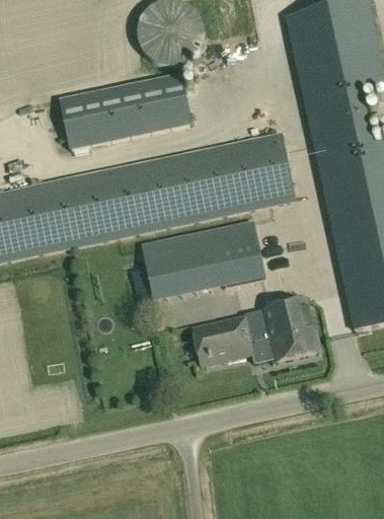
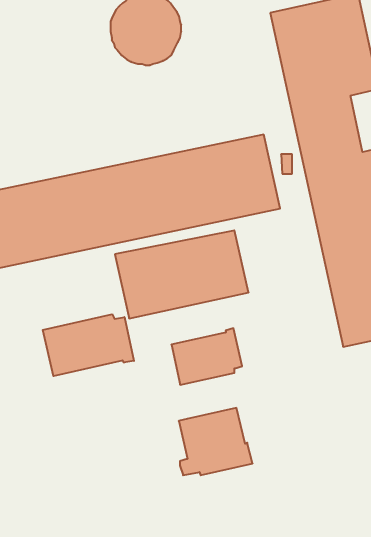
building: [64,72,194,146] -> none
building: none -> [43,314,134,376]
building: [252,299,321,362] -> [179,408,253,475]

